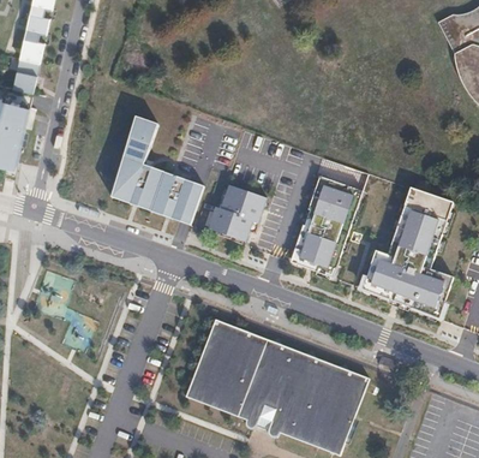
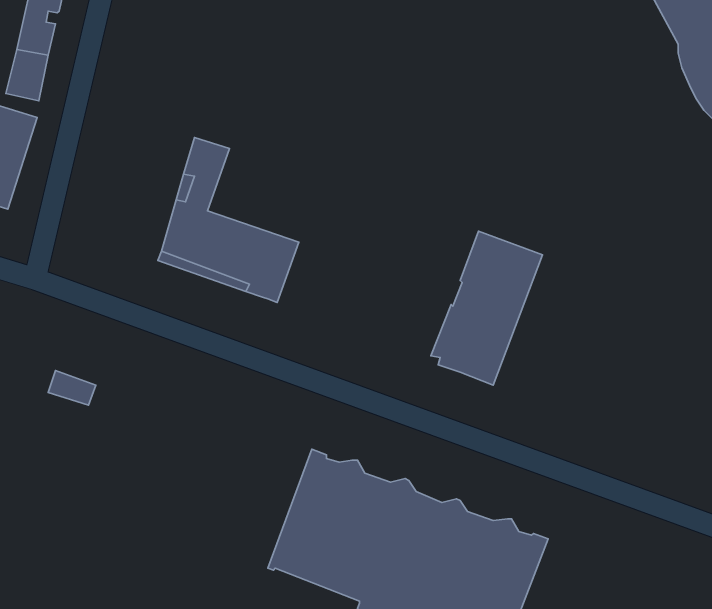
building: [206,185,262,239] -> none
building: [361,190,454,319] -> none

